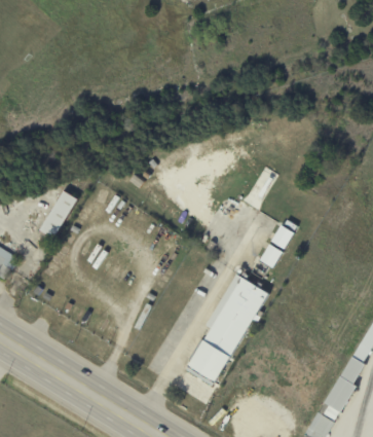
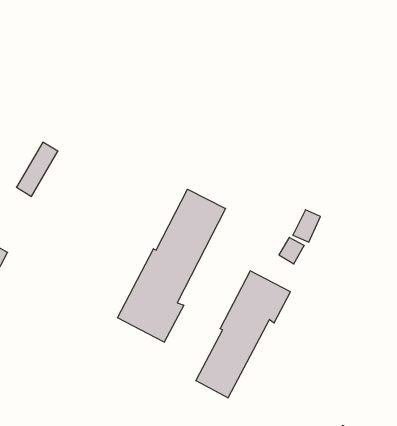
building: [40,189,77,238] -> [16,142,58,196]
building: none -> [118,189,226,342]

